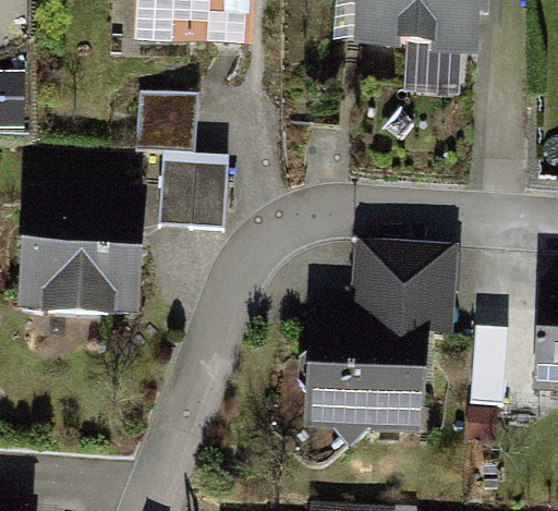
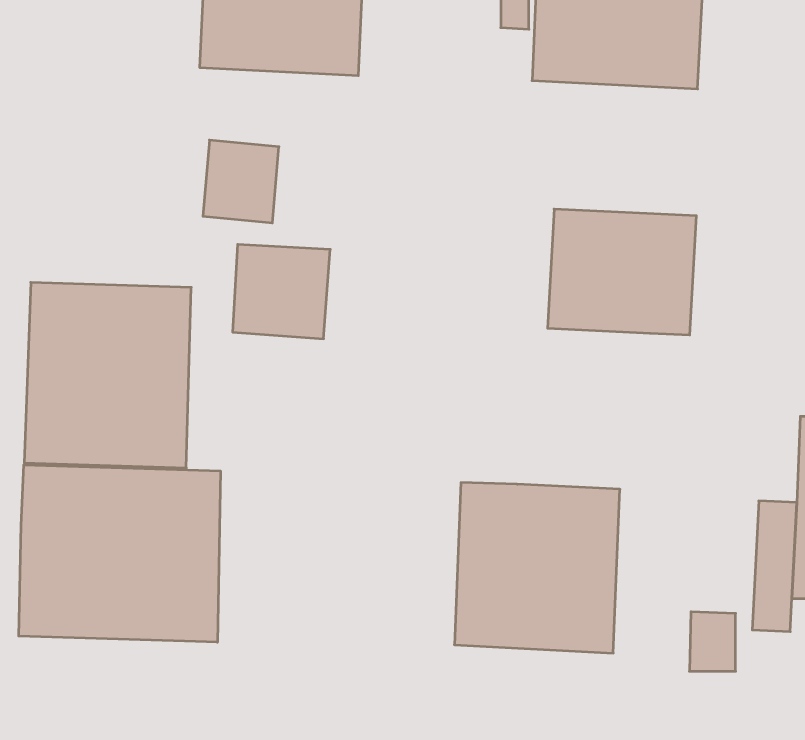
building: [352,243,450,326] -> [548,209,696,335]
building: none -> [19,465,220,642]

